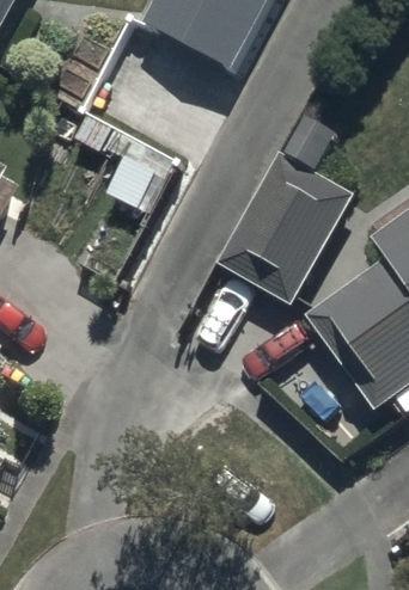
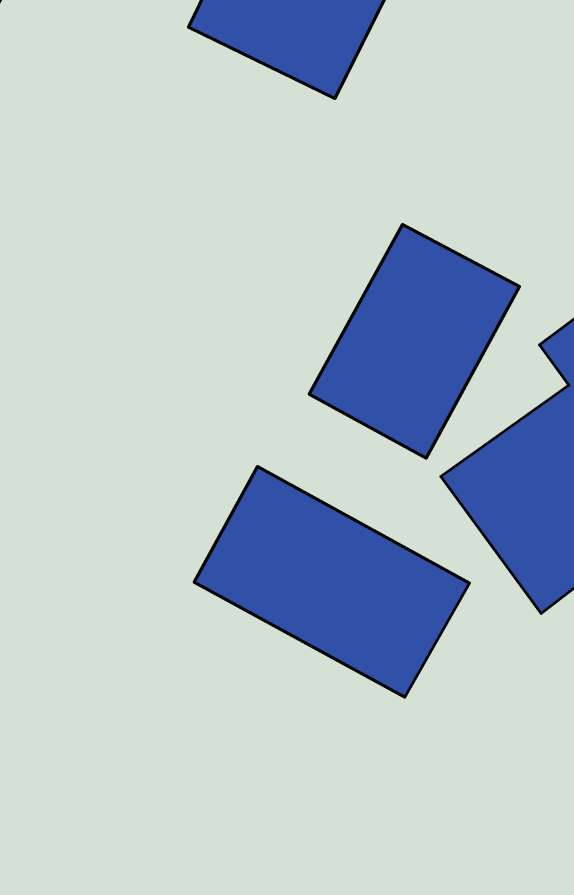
building: none -> [194,466,470,697]

